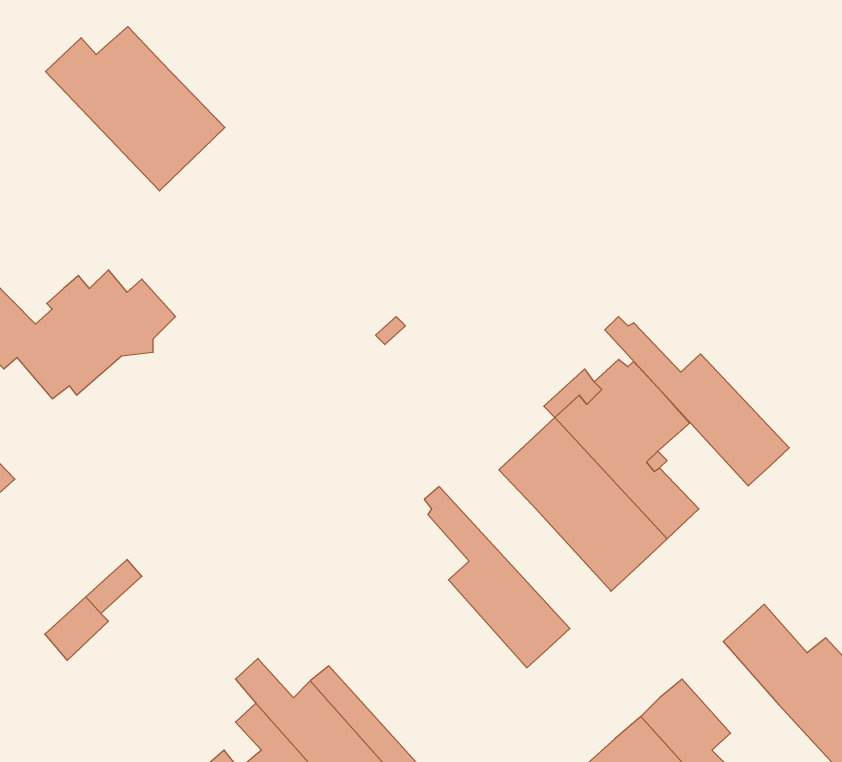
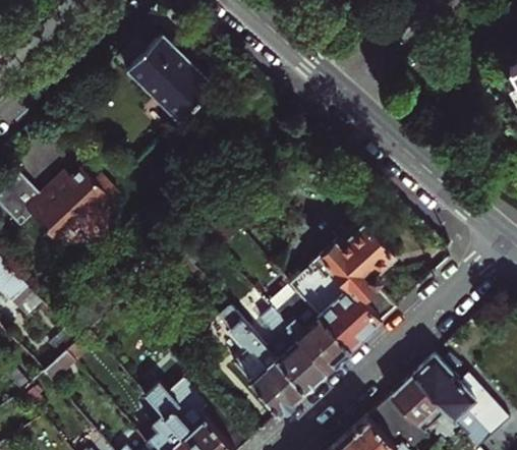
building: [46,27,225,191] -> [114,34,212,123]
building: [605,317,789,486] -> none
building: none -> [258,285,352,370]
building: none -> [212,304,306,415]
building: none -> [391,377,444,431]

